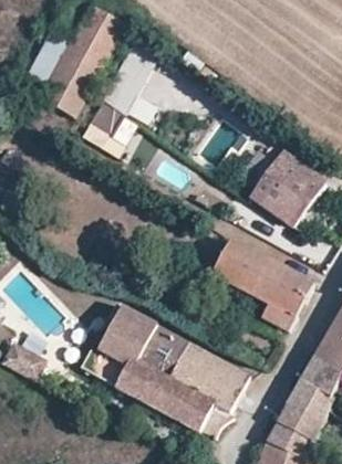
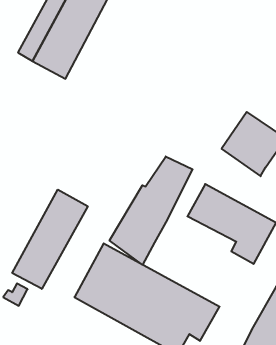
building: [80,99,124,156] -> none
building: none -> [110,156,193,265]
building: none -> [12,190,88,289]

